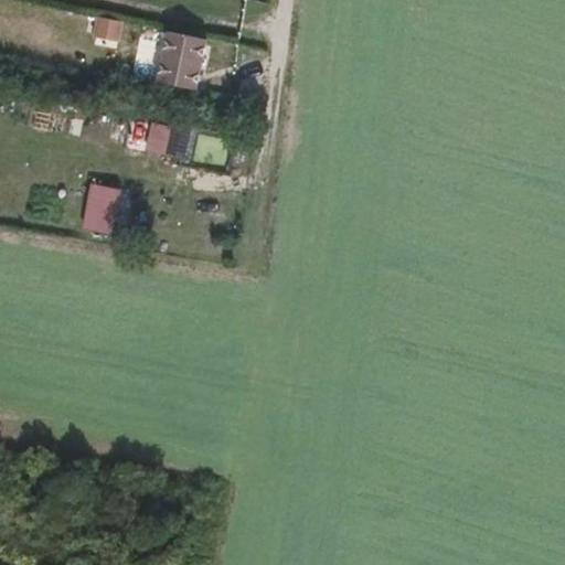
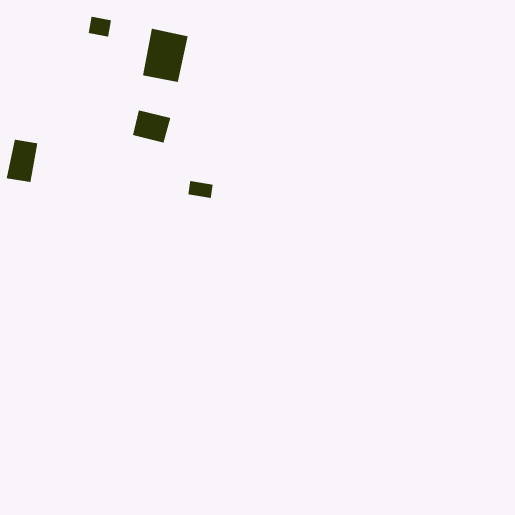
building: [82,185,117,233] -> [6,139,38,182]

